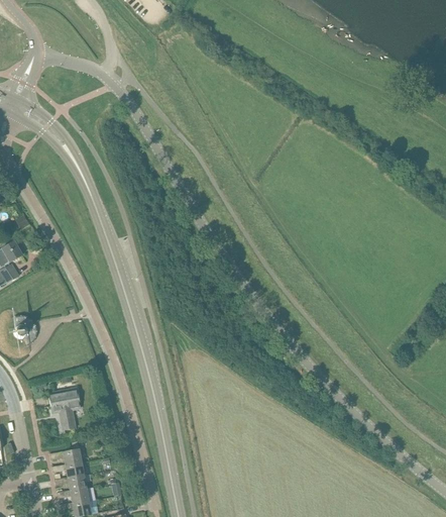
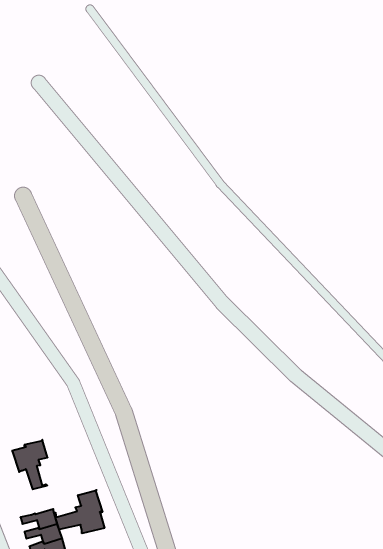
building: none -> [54,490,104,533]

